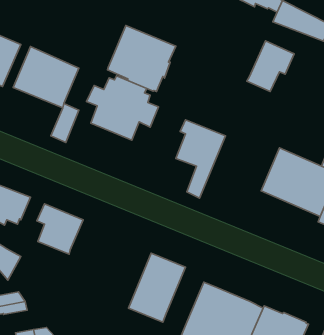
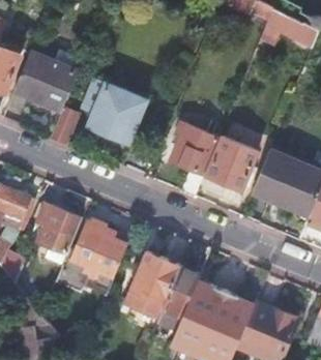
building: [107,25,176,91] -> none
building: [247,41,294,92] -> none
building: none -> [207,137,259,190]
building: none -> [57,220,127,291]
building: none -> [162,265,200,318]

